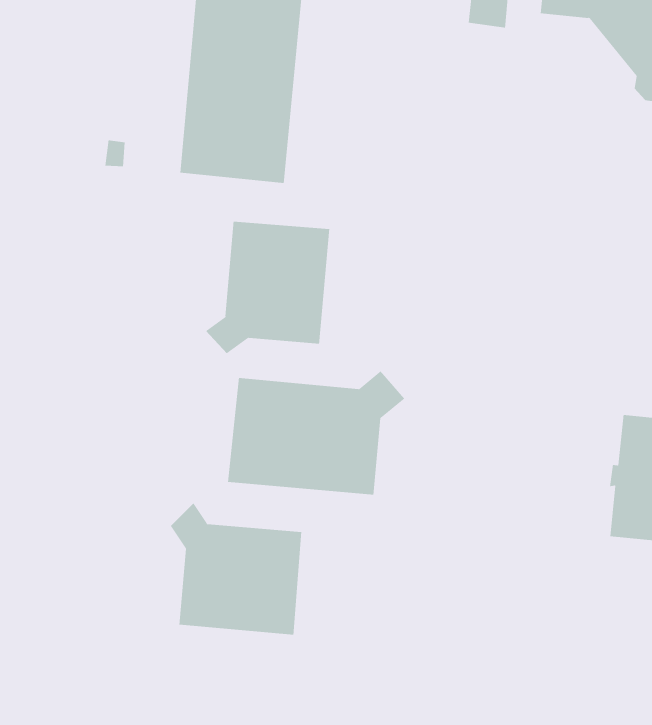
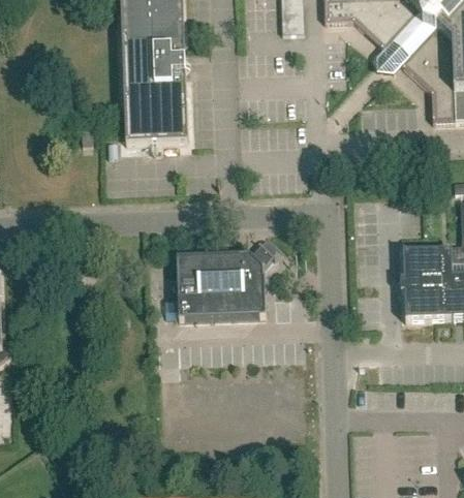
building: [205,221,330,354] -> none
building: [170,502,302,636] -> none

